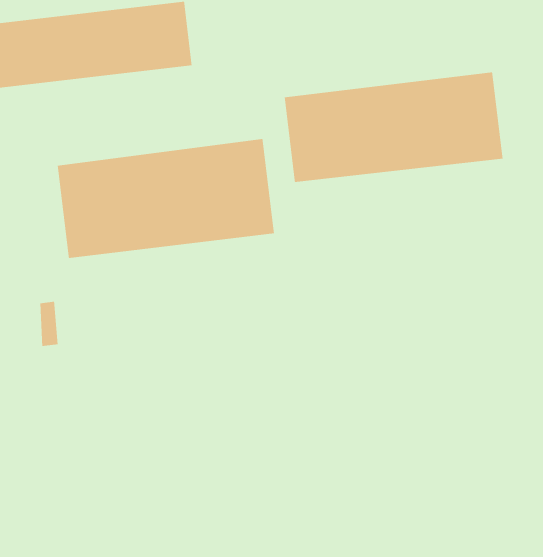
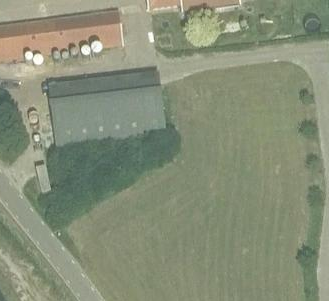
building: [284,72,504,183] -> none

